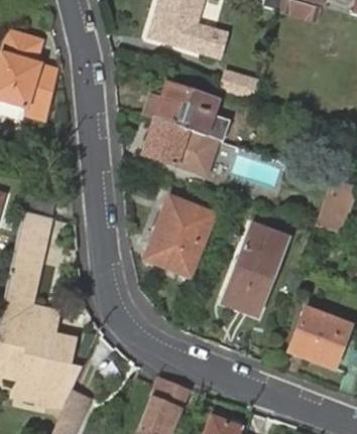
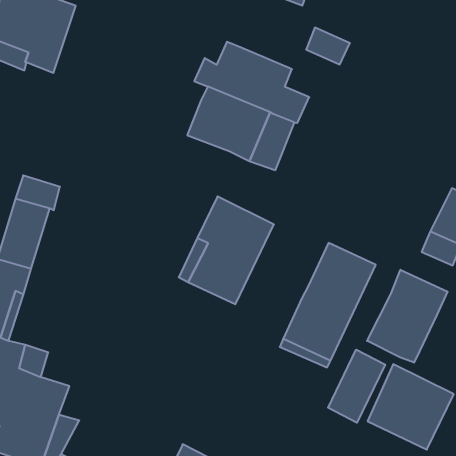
building: none -> [367,270,448,363]
building: none -> [328,350,385,423]

